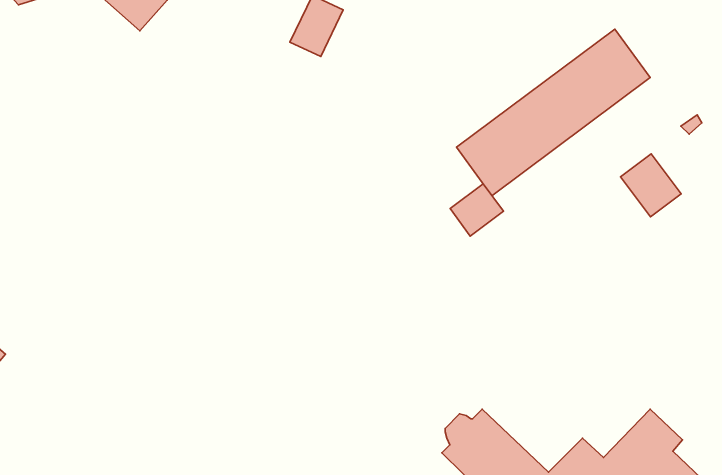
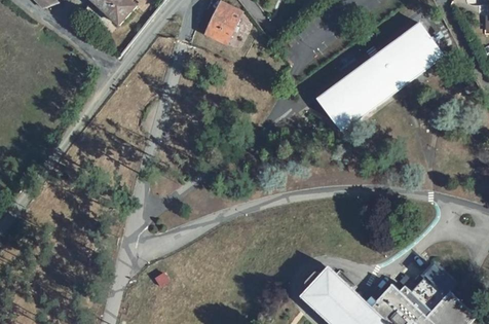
building: [621,154,681,217] -> none
building: [450,184,503,236] -> none

